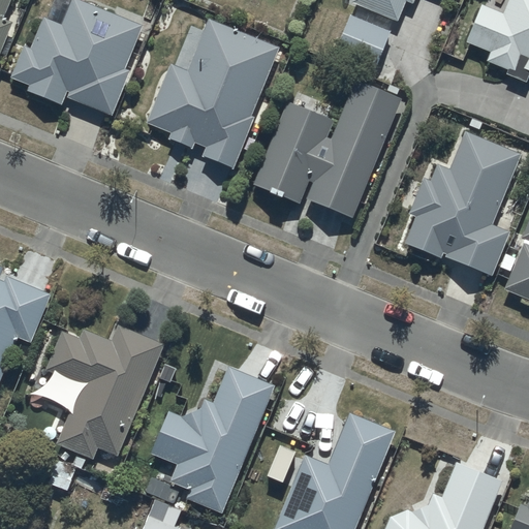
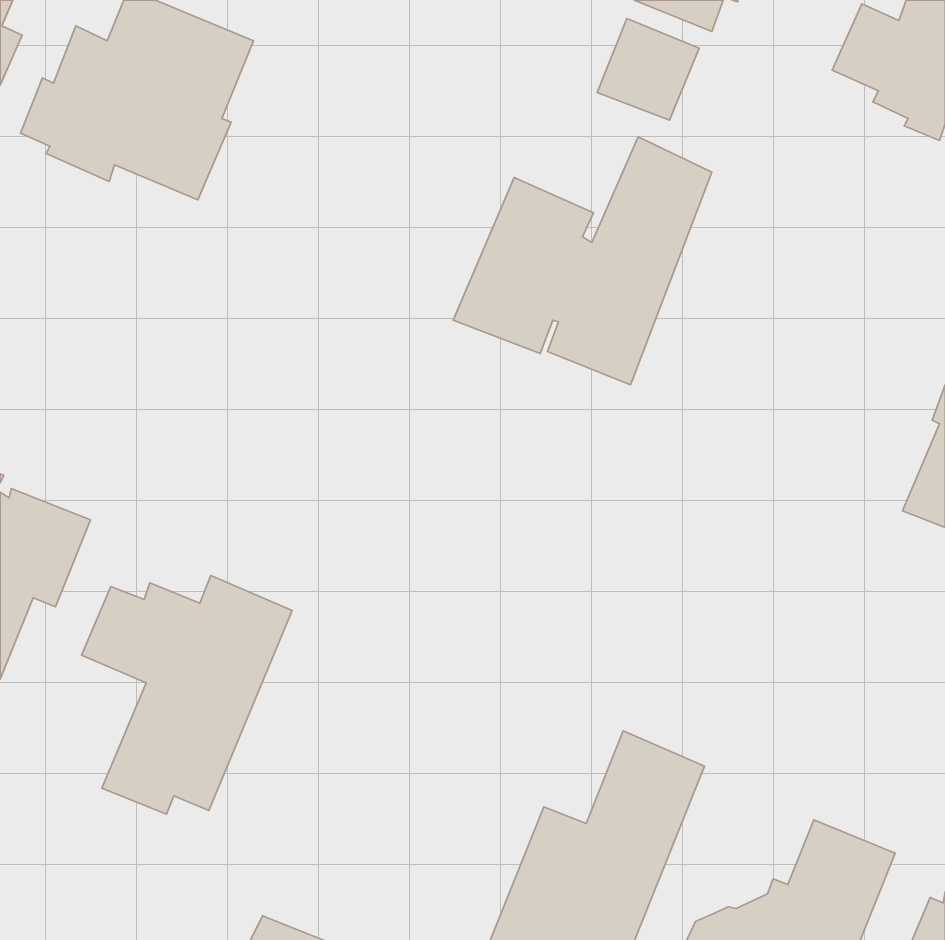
building: [147,19,279,167] -> none
building: [405,131,520,276] -> none
building: [153,366,273,514] -> none

